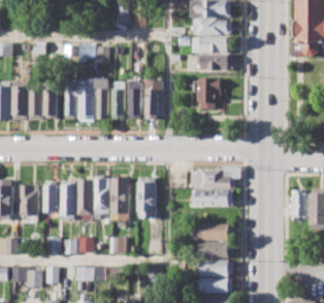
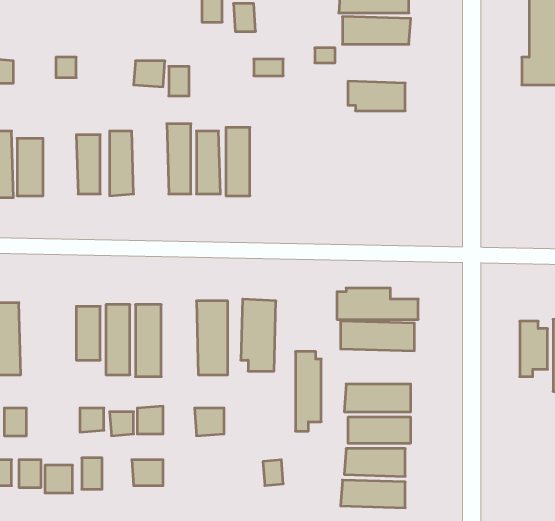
building: [192,37,228,52] -> none
building: [197,77,222,109] -> none
building: [145,80,162,119] -> none
building: [78,81,94,119] -> none
building: [28,89,42,119] -> none
building: [94,175,108,219] -> [295,352,321,431]
building: [20,185,38,220] -> none

